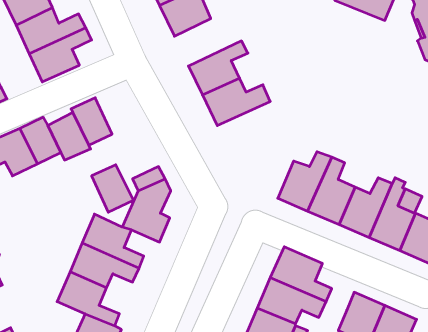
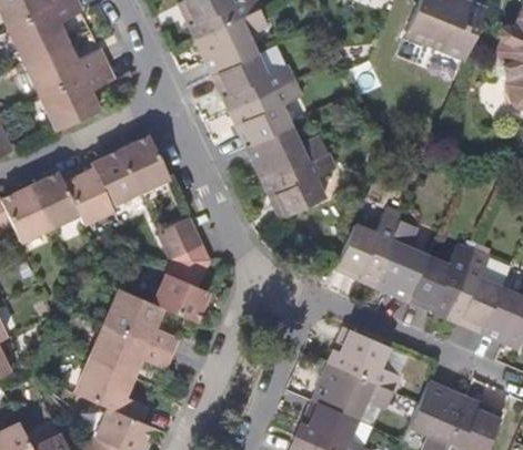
building: none -> [214,54,294,111]
building: none -> [265,153,335,216]
building: [92,165,133,212] -> [120,135,170,192]

